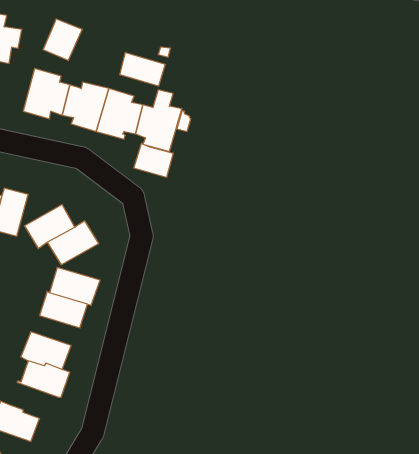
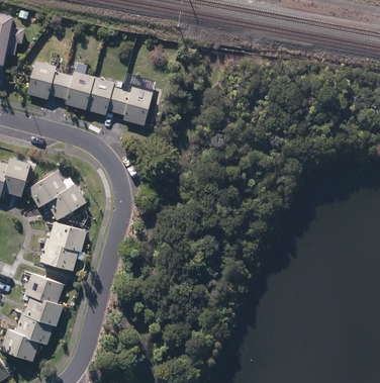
building: [43,19,82,61] -> none
building: [120,52,165,86] -> none
building: [134,143,173,177] -> none
building: none -> [15,313,55,344]

